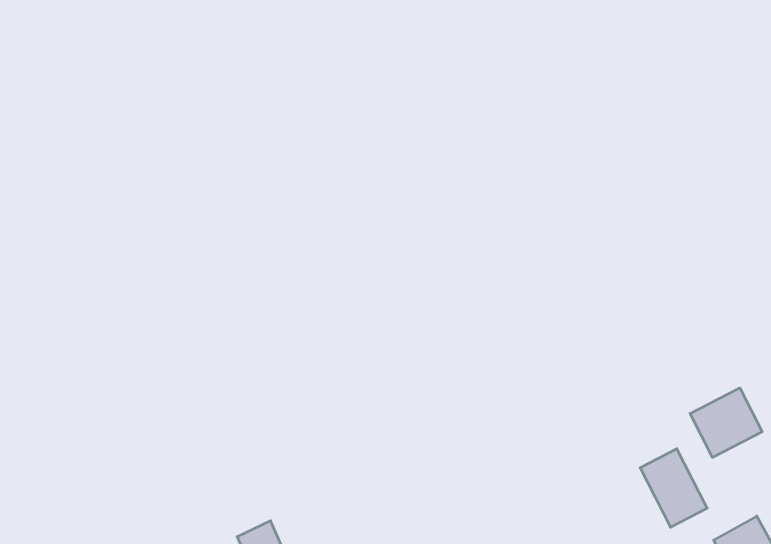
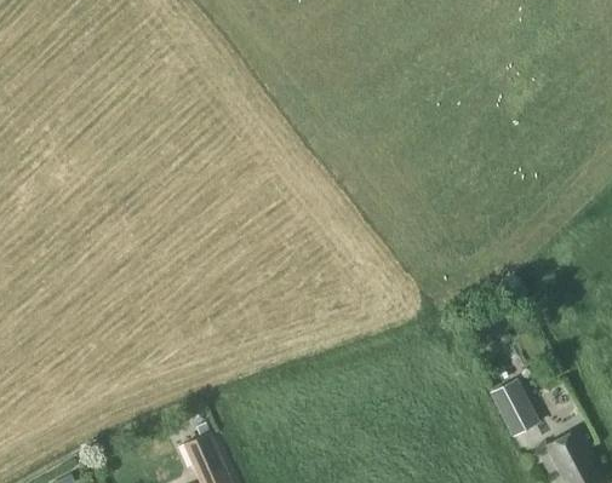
building: [690,388,762,457] -> none

